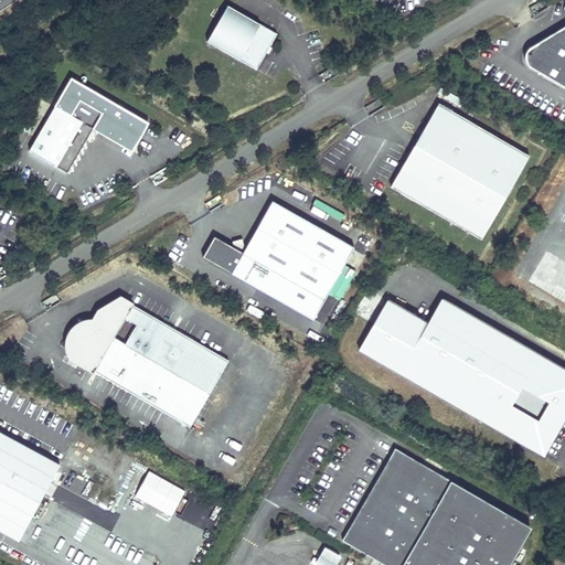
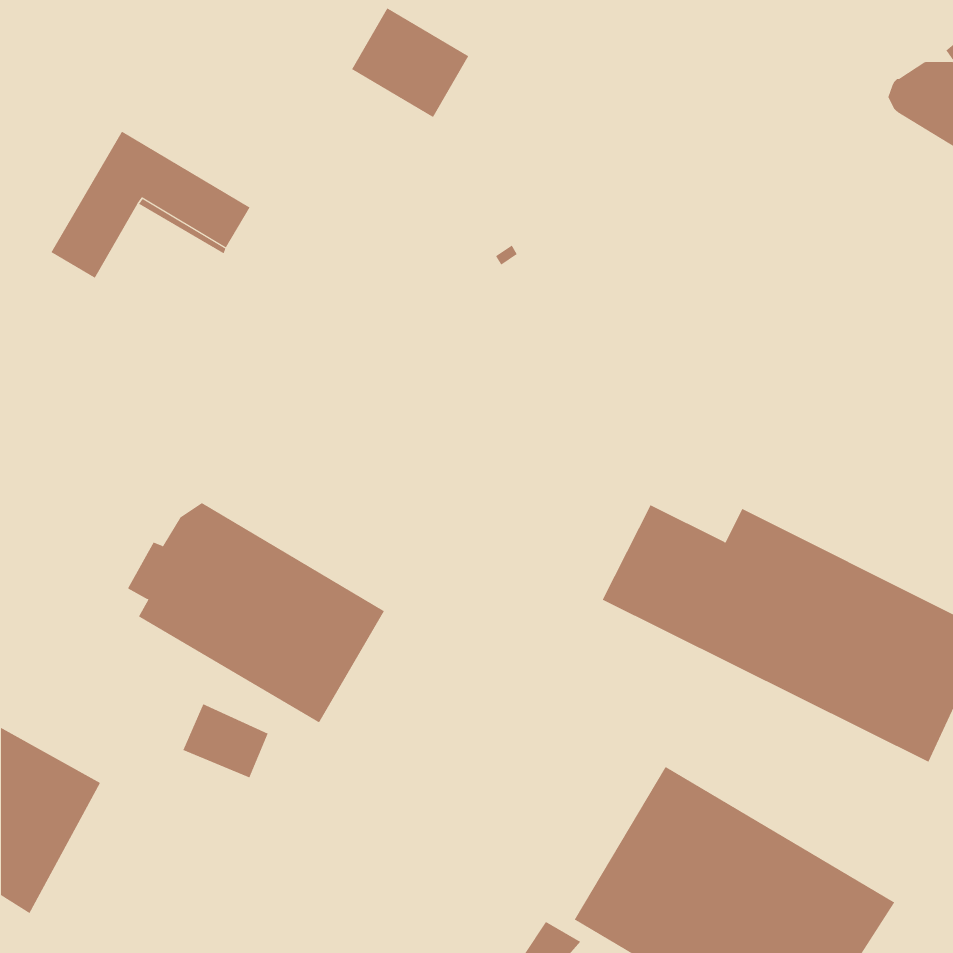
building: [391,104,530,239] -> none
building: [203,202,355,320] -> none
building: [66,321,92,365] -> none
building: [135,472,185,516] -> [182,704,268,778]

